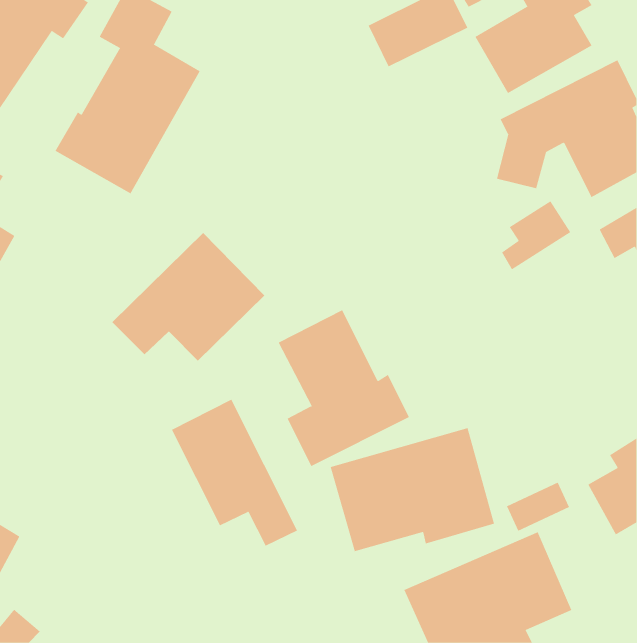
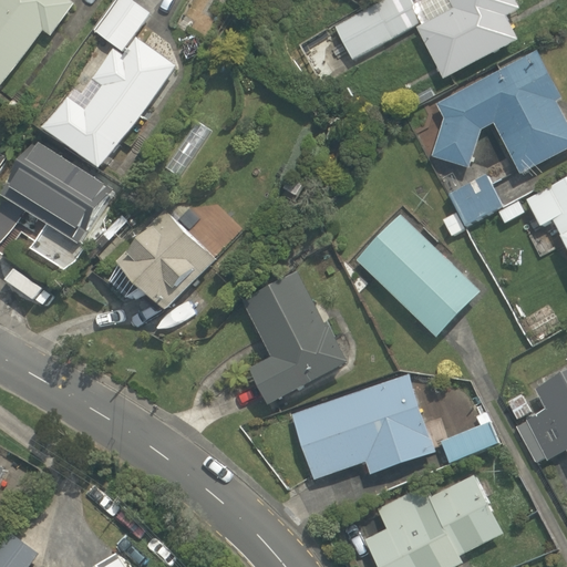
building: none -> [18,147,113,240]
building: none -> [353,214,482,341]
building: [171,399,298,546] -> none

